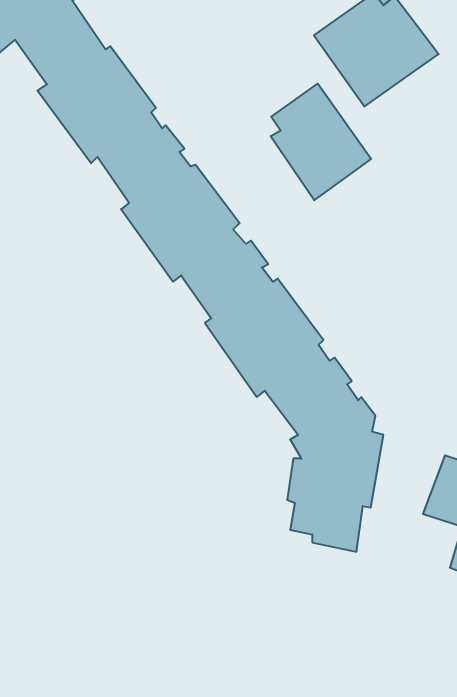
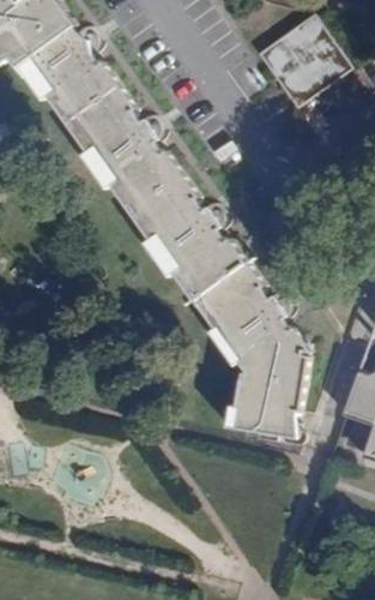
building: [271,84,371,200] -> none

